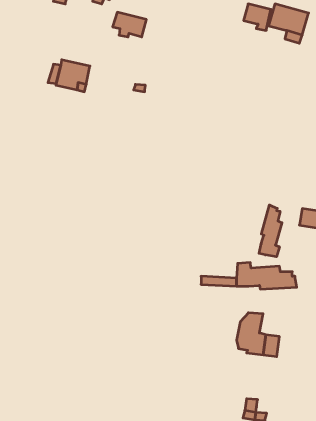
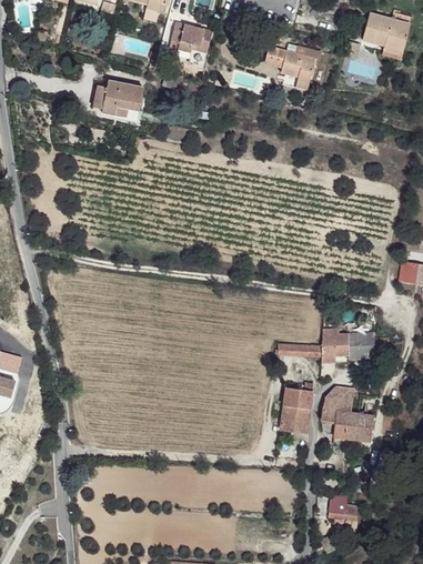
building: [244,4,271,30] -> [281,52,314,84]
building: [259,205,282,257] -> none
building: none -> [280,382,314,441]

